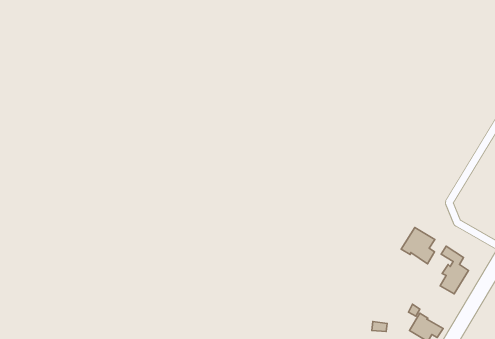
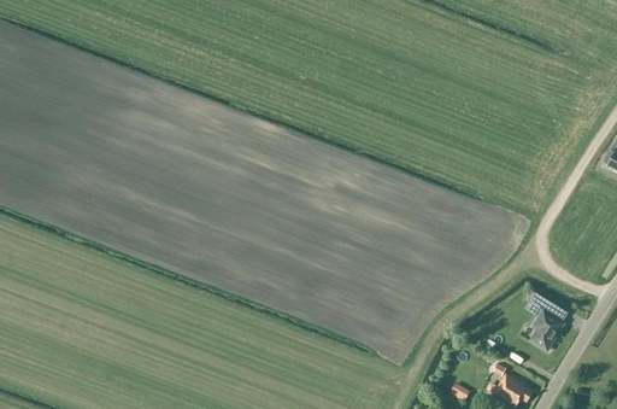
building: [401,227,435,264] -> none

